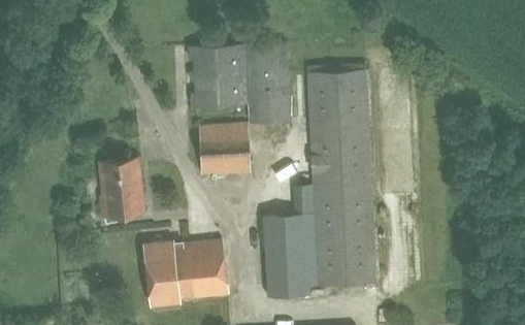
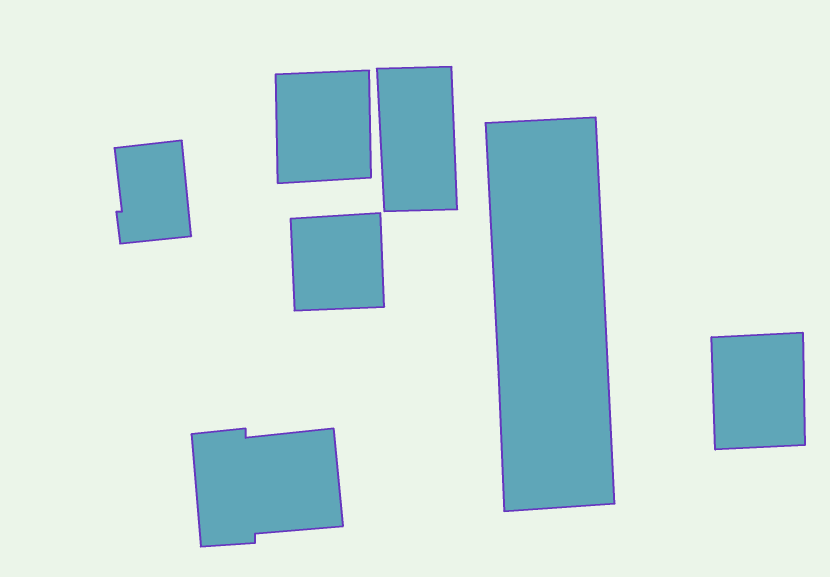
building: [101,159,143,216] -> [114,141,191,244]
building: none -> [712,333,805,450]
building: [263,212,317,296] -> none

